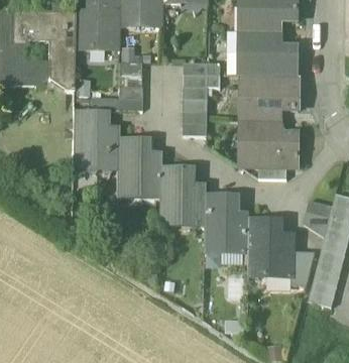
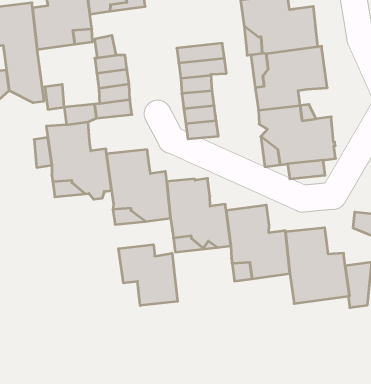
building: none -> [118,245,178,306]

